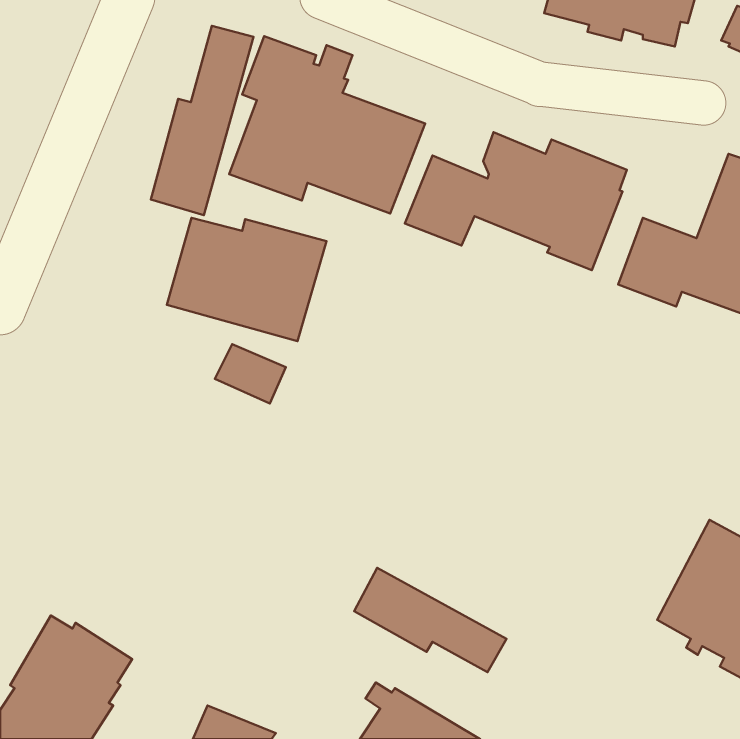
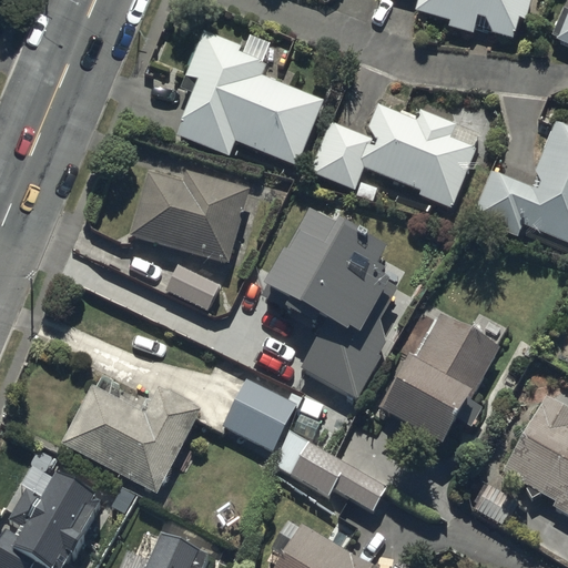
building: [151,26,253,215] -> none
building: none -> [264,206,397,400]
building: none -> [376,316,497,448]
building: none -> [61,368,303,496]

